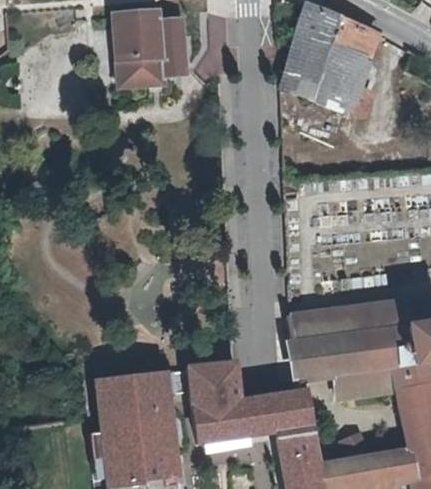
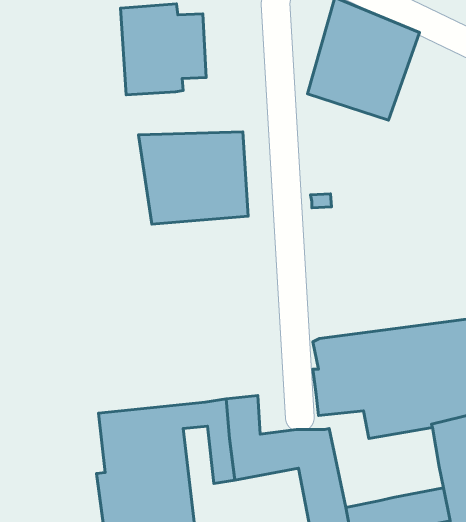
building: none -> [139,132,248,224]

